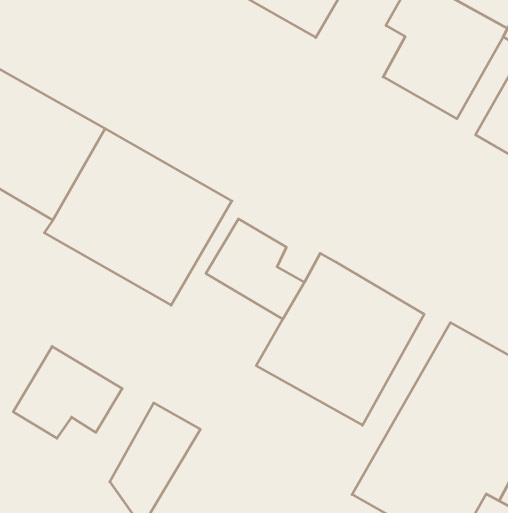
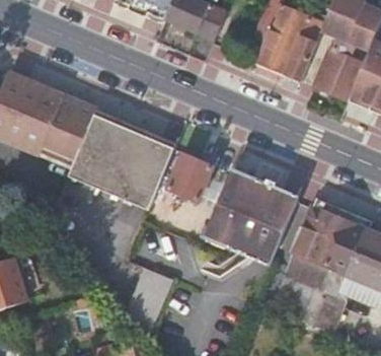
building: [13,346,122,438] -> none

